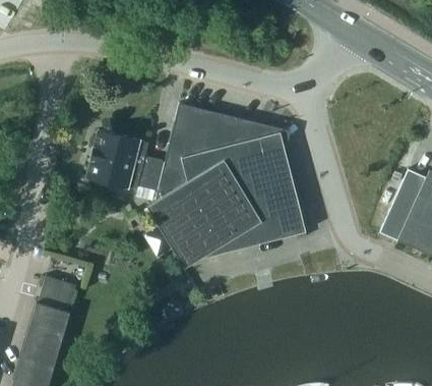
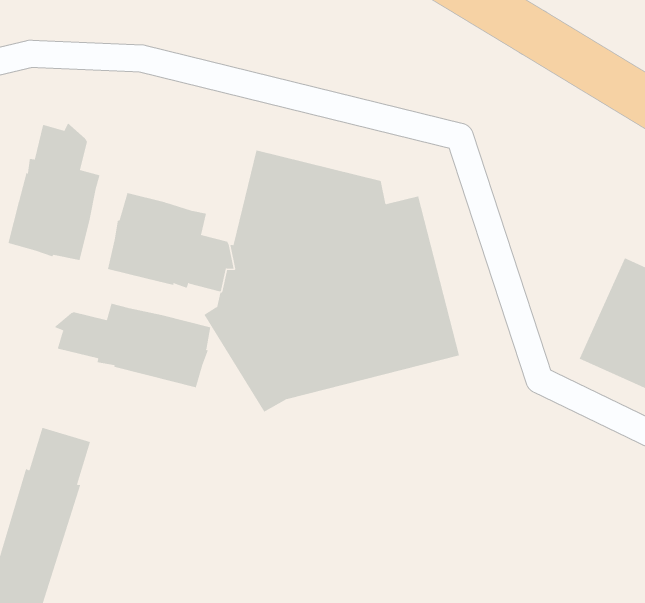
building: none -> [8,122,100,261]
building: none -> [53,303,211,388]

